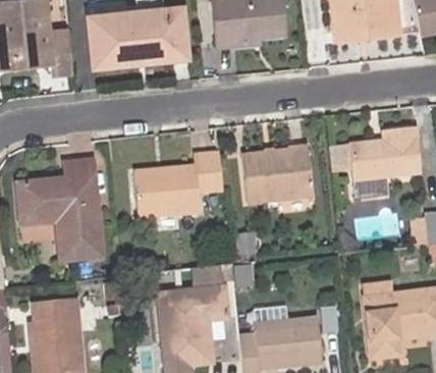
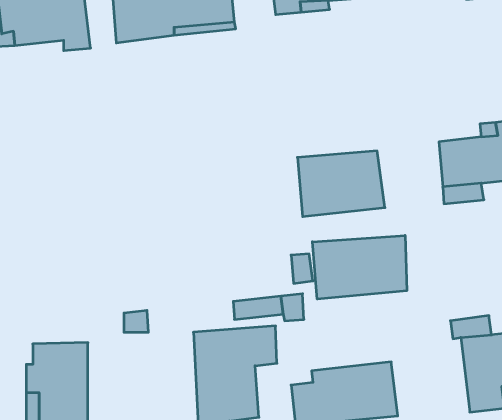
building: [128,156,218,219] -> none
building: [15,163,99,262] -> none
building: none -> [312,235,407,299]

